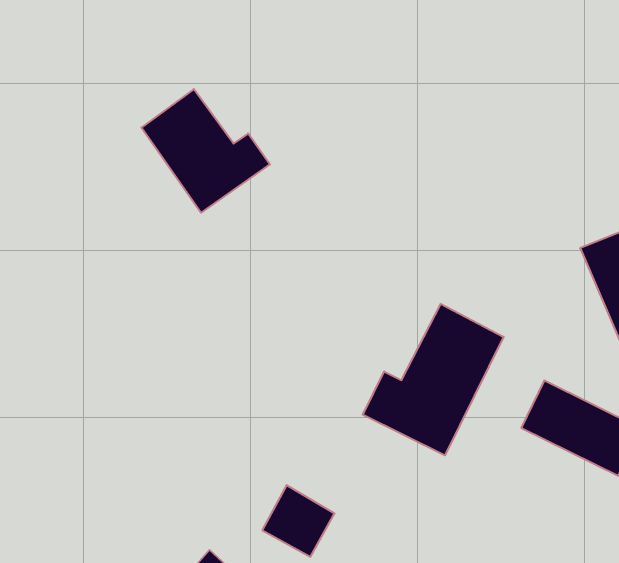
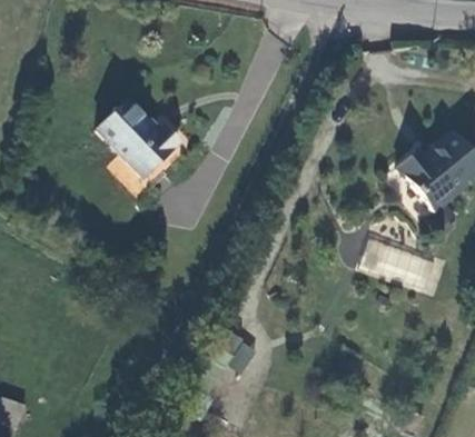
building: [363,304,504,455] -> none

